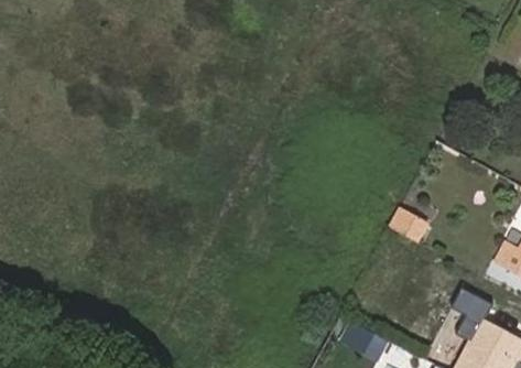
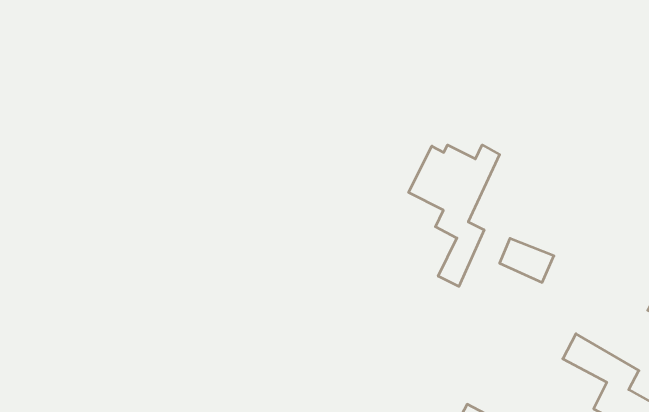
building: none -> [409,145,500,286]

